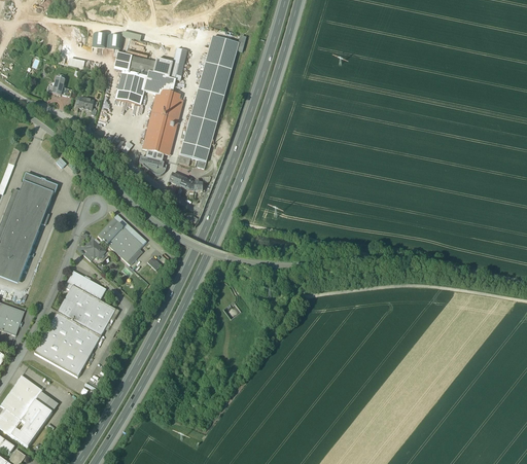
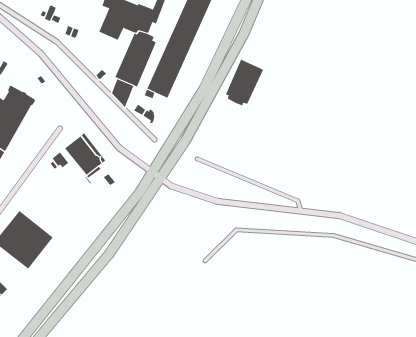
building: none -> [225,59,264,106]
building: [58,270,116,336] -> none

